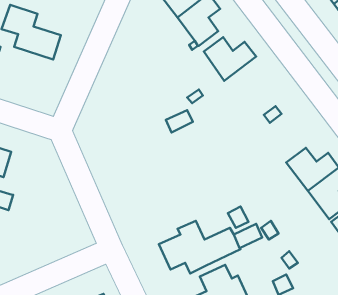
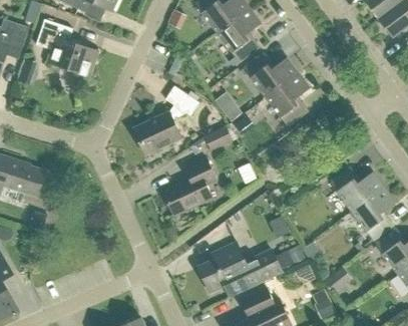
building: none -> [266,72,310,126]
building: none -> [134,85,199,153]
building: none -> [163,156,217,215]

